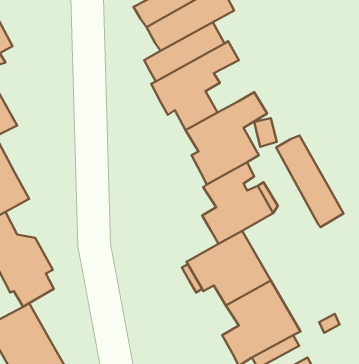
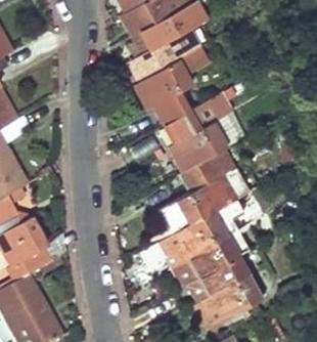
building: [276,136,344,227] -> none

